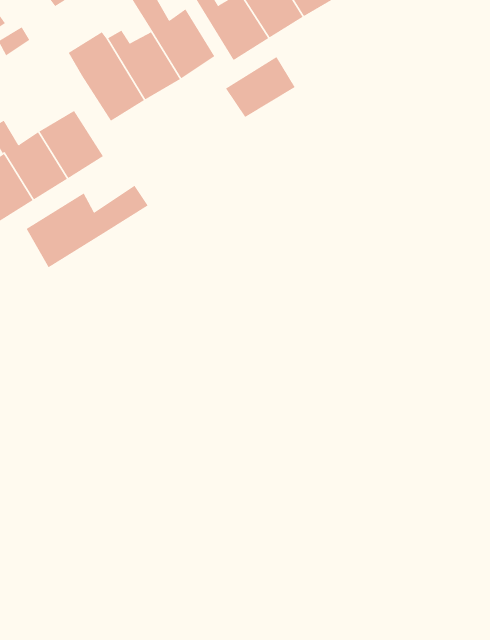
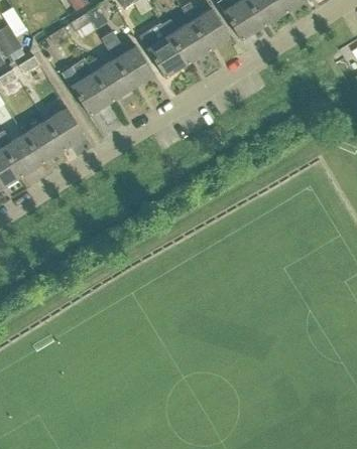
building: [225,56,295,118] -> none
building: [26,185,148,268] -> none

